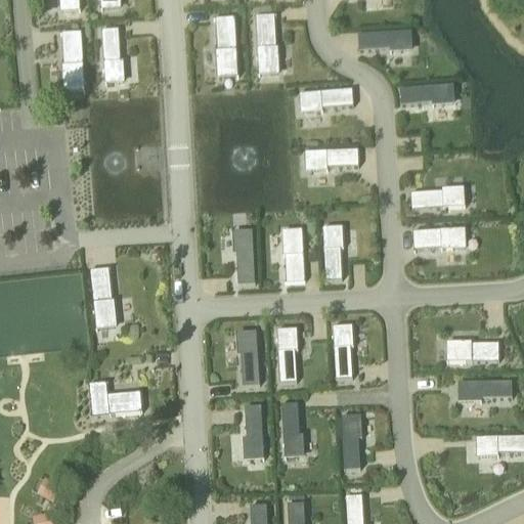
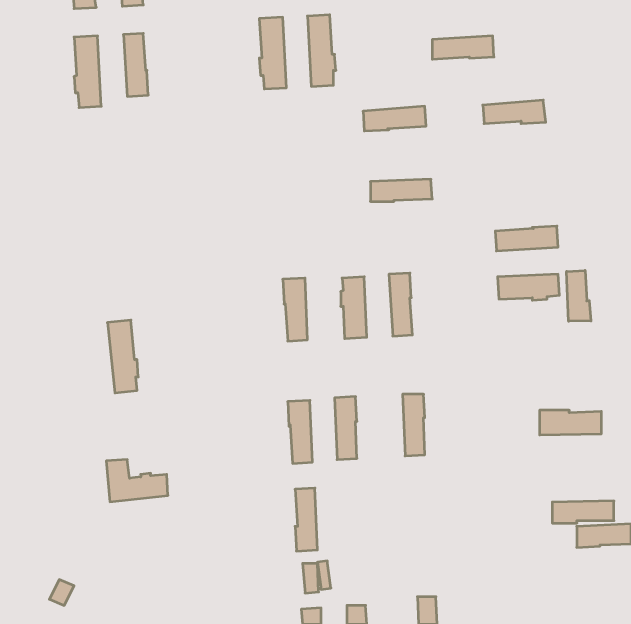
building: none -> [567,270,591,321]
building: [461,380,512,398] -> [552,501,614,523]
building: [281,402,302,454] -> none
building: [341,416,359,468] -> none

